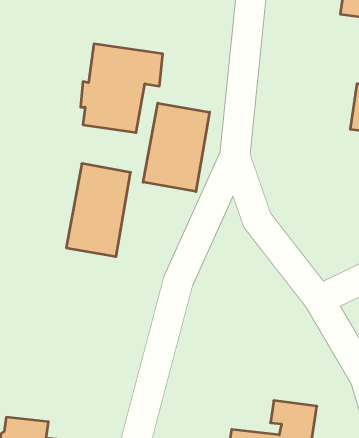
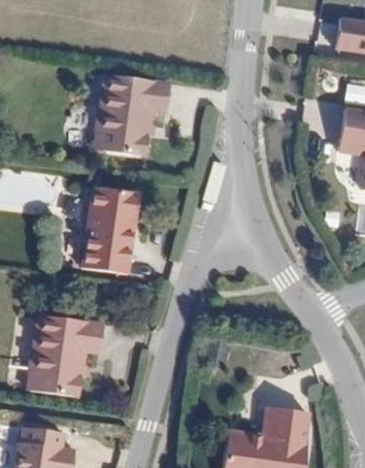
building: [143,103,210,192] -> none
building: none -> [27,310,103,392]

